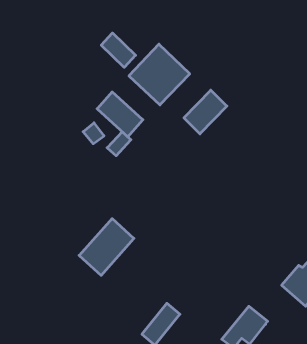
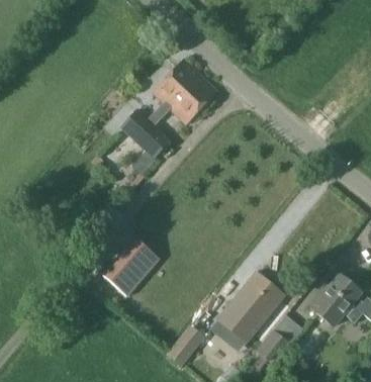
building: [101,33,136,67] -> none
building: [184,90,227,134] -> none
building: none -> [217,273,285,343]

